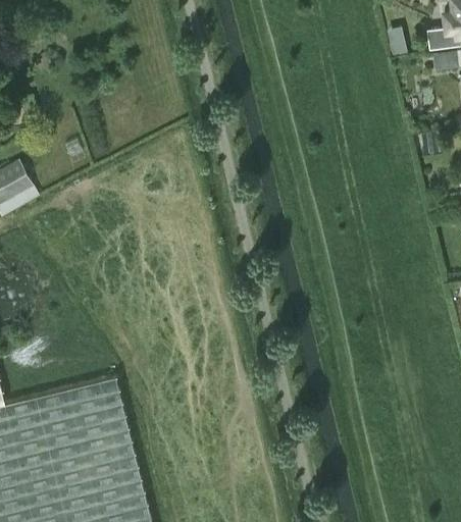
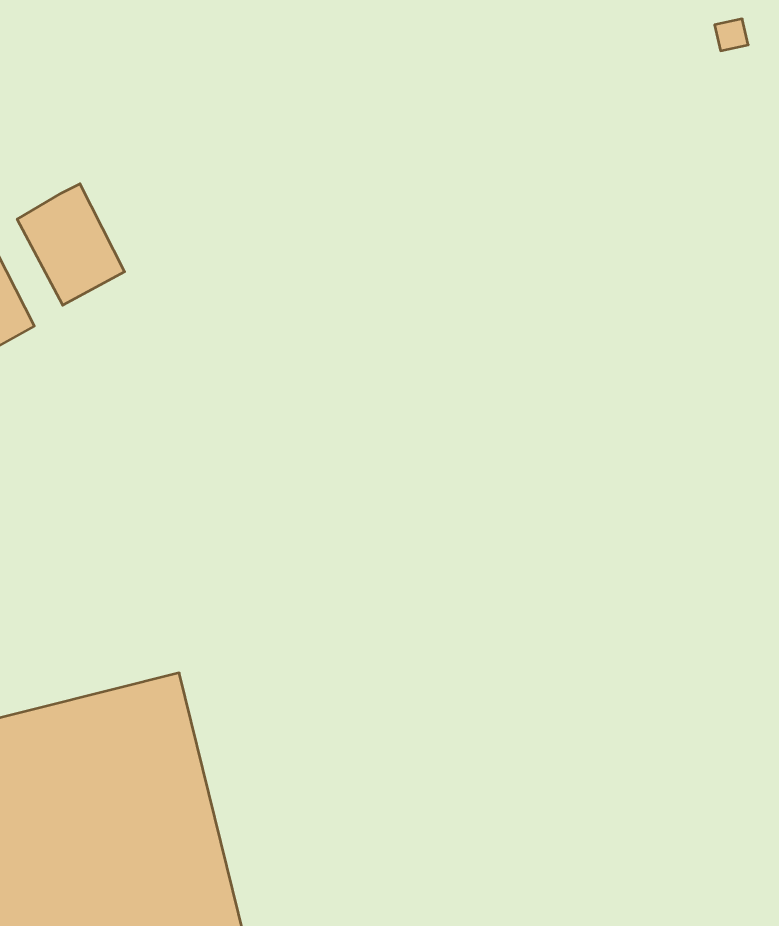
building: none -> [17,184,125,305]

